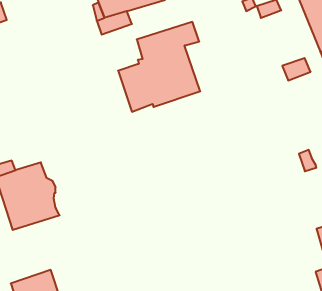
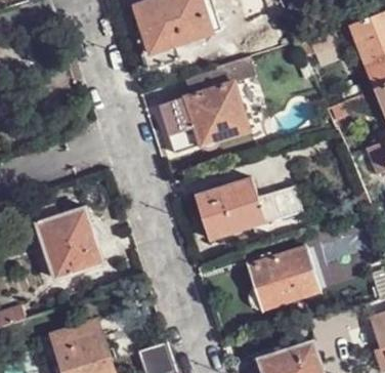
building: none -> [195,178,301,239]
building: none -> [246,248,320,309]

